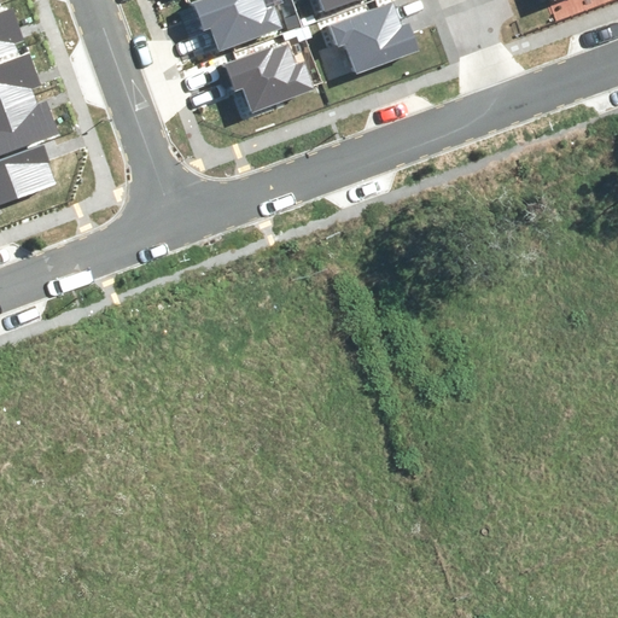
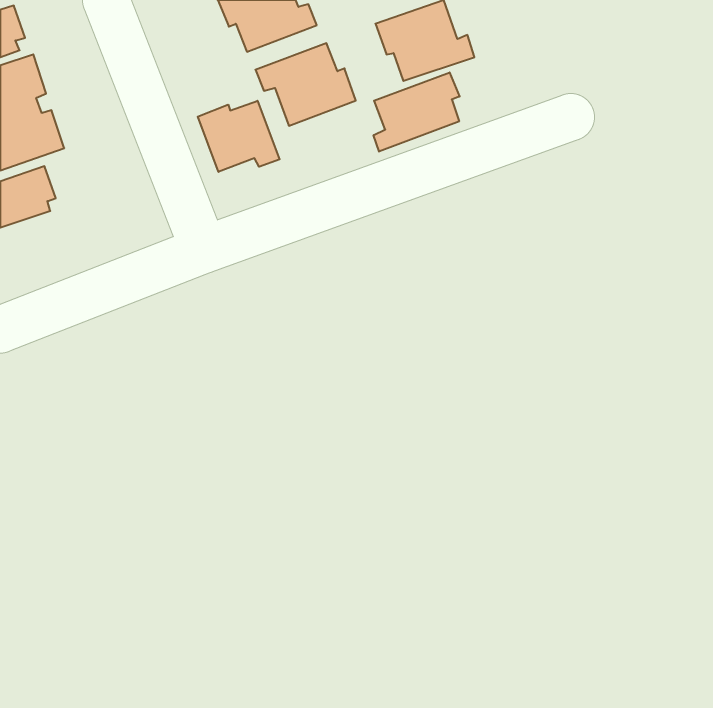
building: none -> [374,72,460,152]
building: none -> [198,101,280,172]

